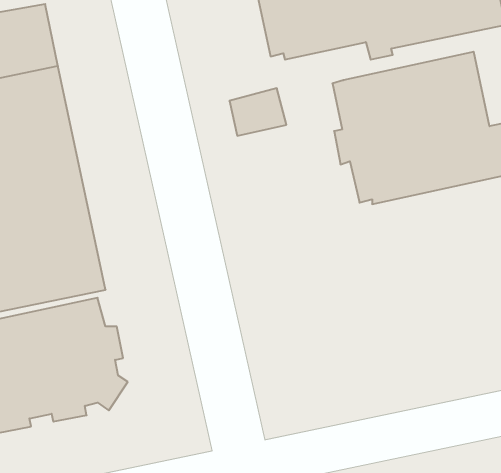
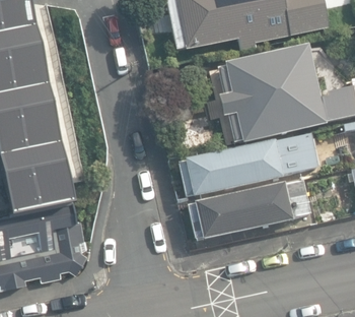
building: none -> [176,132,317,197]
building: none -> [188,179,310,239]

